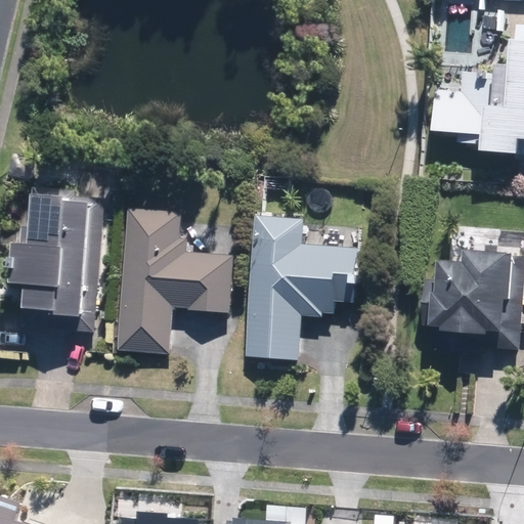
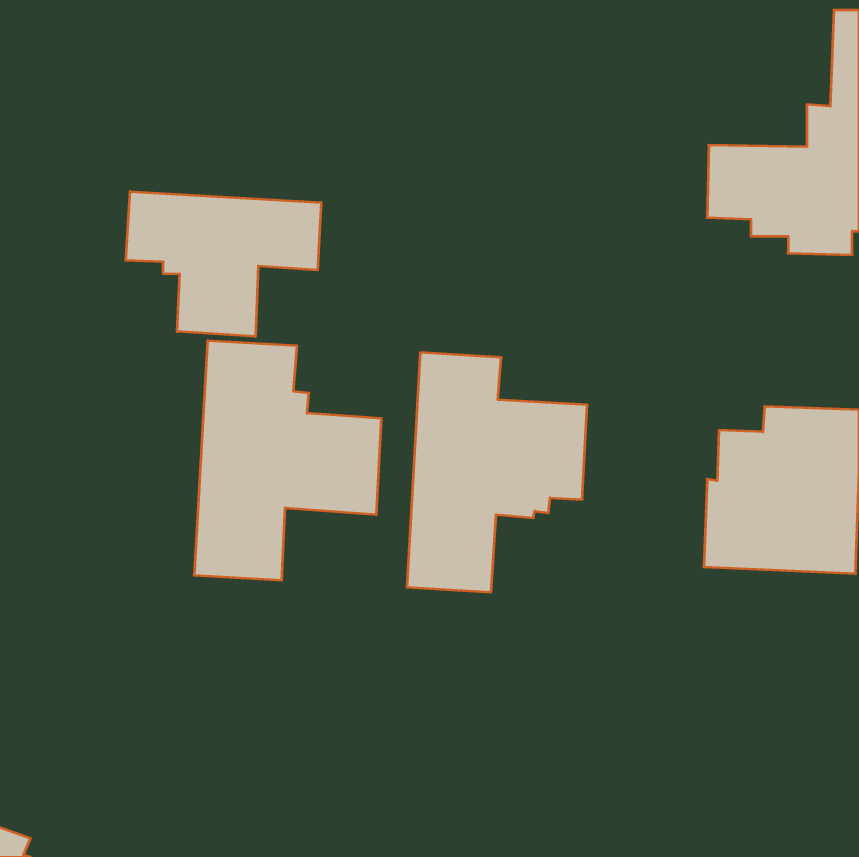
building: none -> [126,191,321,337]
building: [7,186,103,332] -> none

